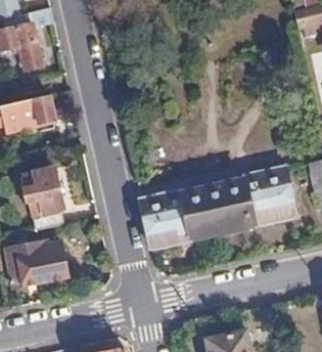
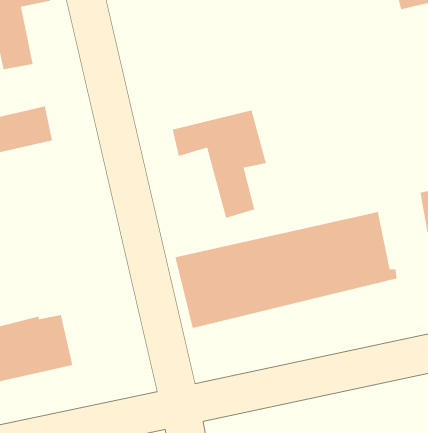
building: none -> [172,110,267,219]
building: [32,169,62,214] -> none

